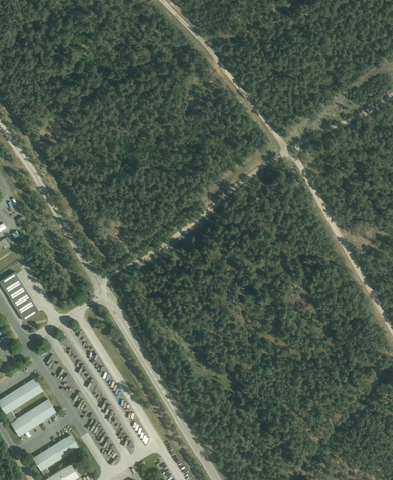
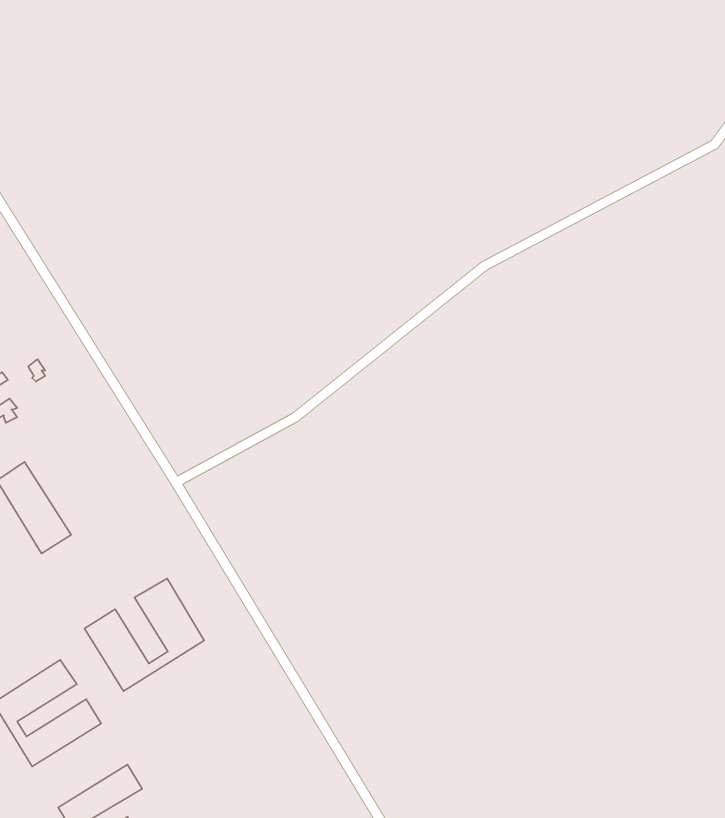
building: none -> [84,579,204,691]

